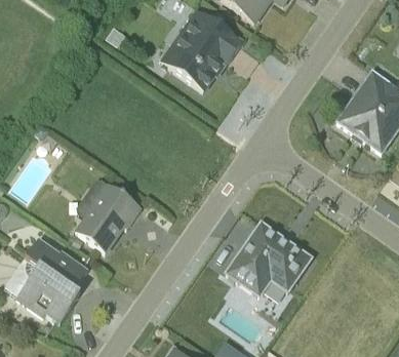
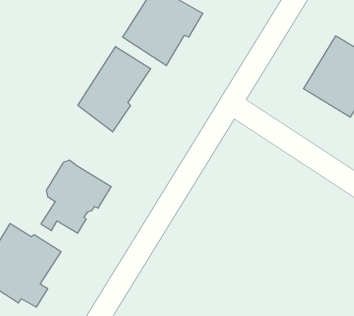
building: none -> [78,46,151,132]
building: [226,222,312,296] -> none

